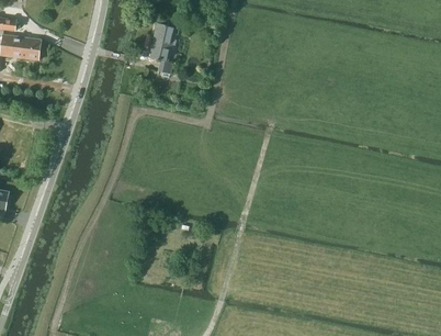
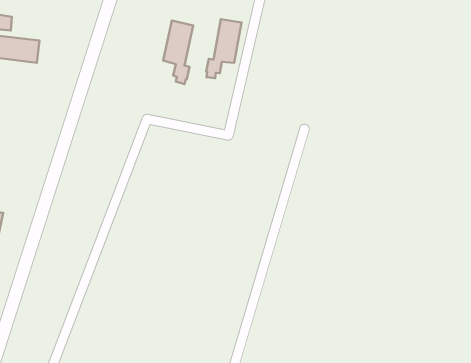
building: none -> [206,19,242,78]

